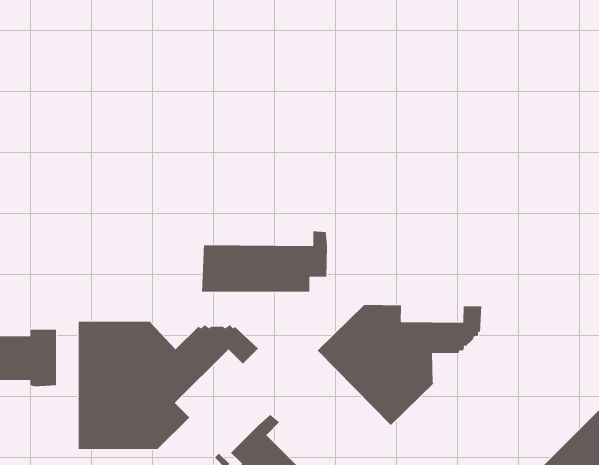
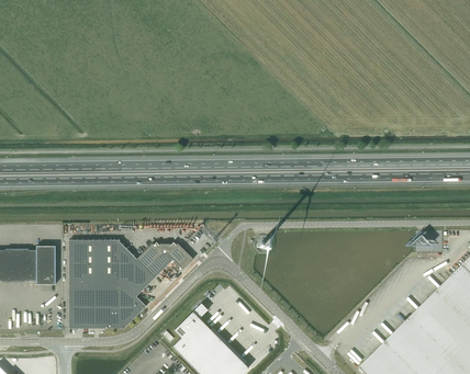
building: [202,230,327,293] -> none
building: [317,304,482,426] -> none

